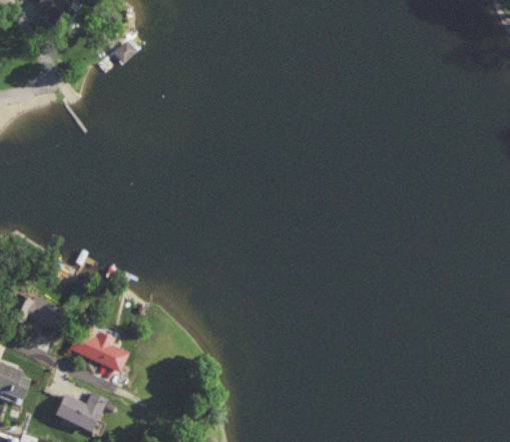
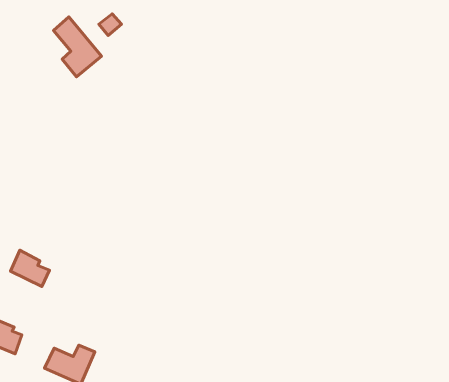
building: none -> [54,17,101,77]
building: [68,325,129,373] -> none

